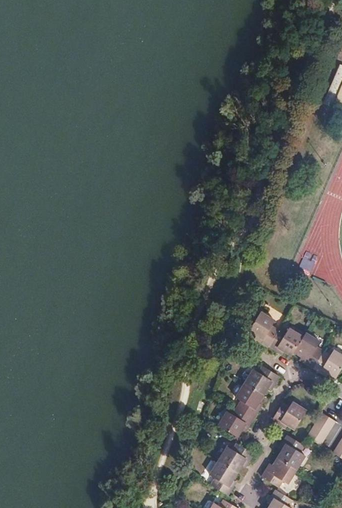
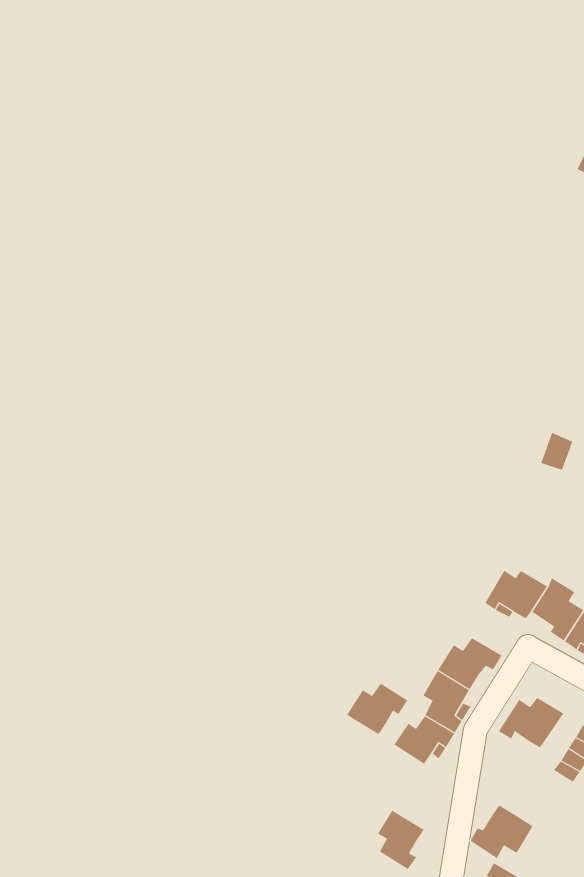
building: [247,312,278,347] -> none
building: [276,434,304,469] -> none
building: [217,442,251,471] -> [346,682,408,735]

